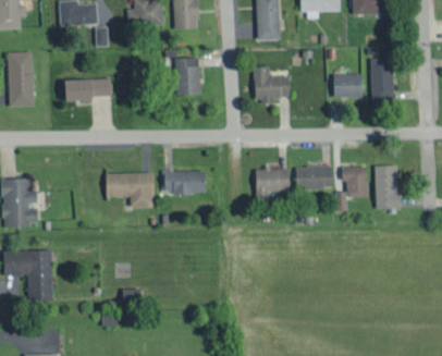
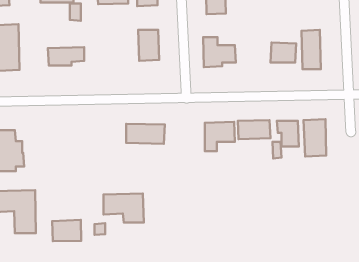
building: [107,172,155,207] -> [104,193,144,223]
building: none -> [52,220,81,241]

